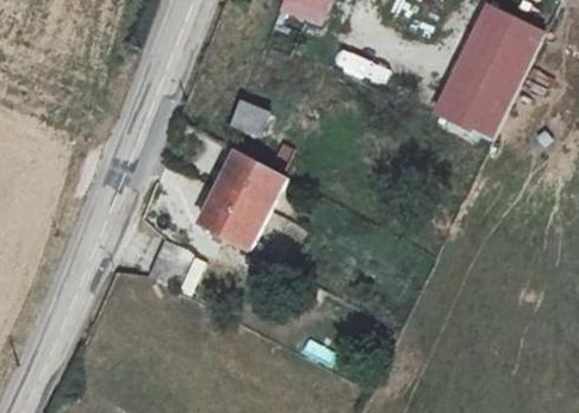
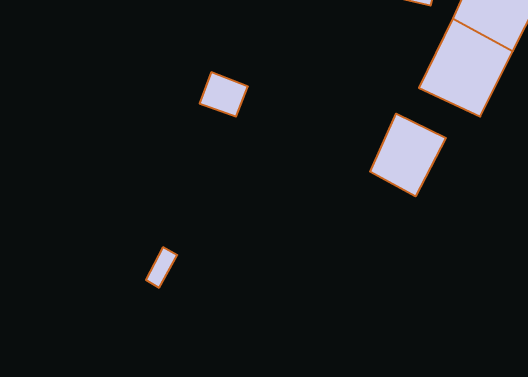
building: none -> [370,114,446,196]
building: [203,150,290,249] -> none

